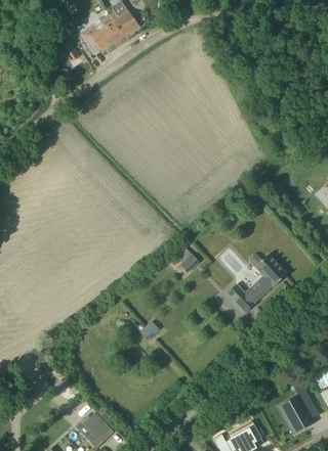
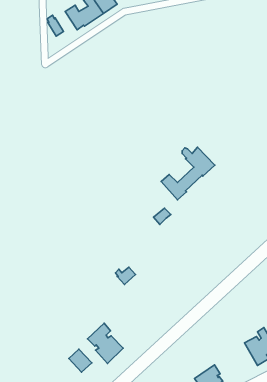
building: [228,253,288,312] -> [161,147,215,200]
building: none -> [87,323,123,363]

